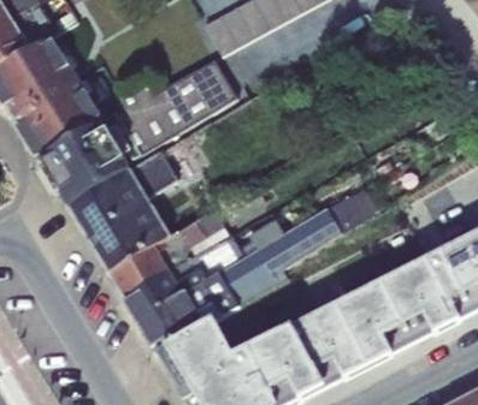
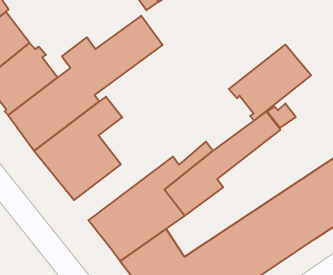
building: none -> [229,45,311,121]
building: [108,196,240,296] -> none

